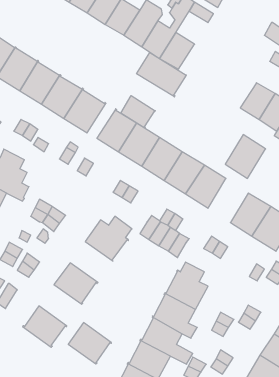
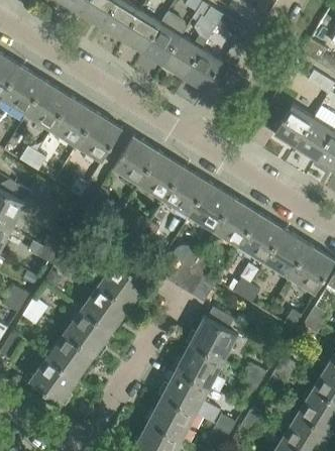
building: [137,52,186,97] -> none
building: [121,96,155,128] -> none
building: [225,135,266,178] -> [237,214,283,263]
building: none -> [82,285,130,331]
building: [68,323,111,364] -> [46,333,95,379]

